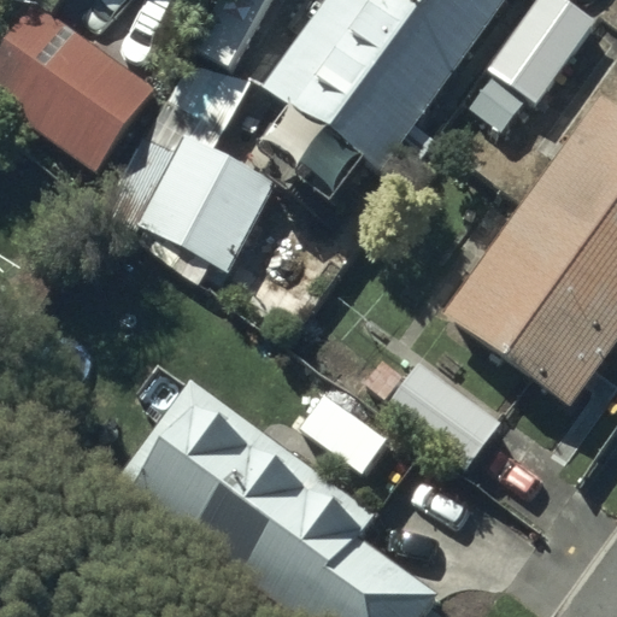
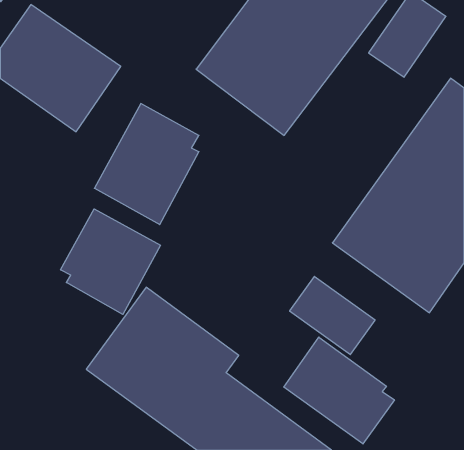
building: none -> [61,209,160,314]
building: none -> [284,337,394,444]

